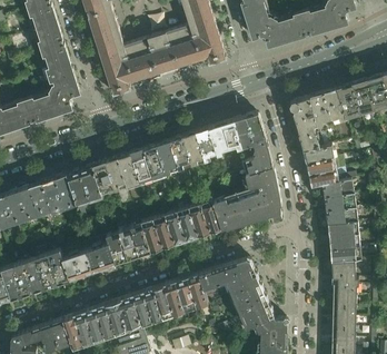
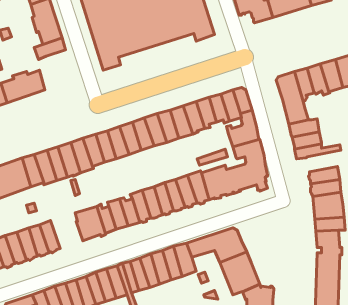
building: [46,75,79,116] -> none
building: [320,179,353,200] -> none
building: [60,250,90,279] -> none

